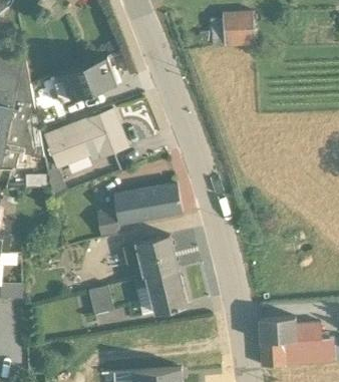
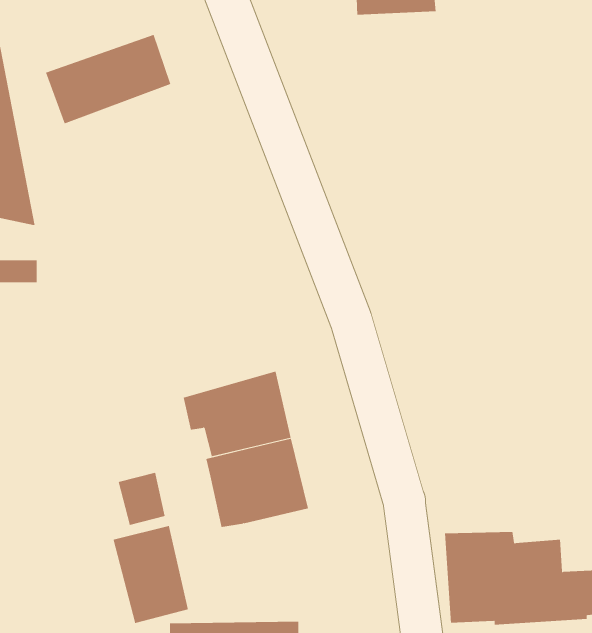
building: [43,109,127,197] -> none
building: [95,183,181,239] -> none
building: none -> [113,525,188,624]

